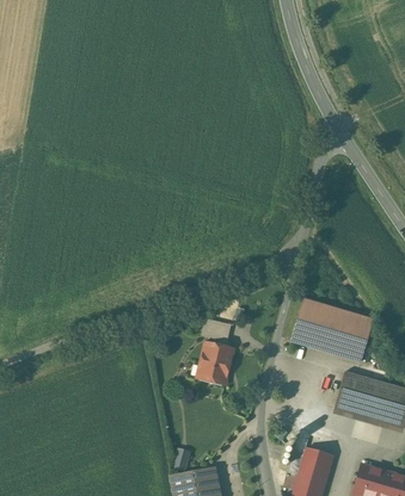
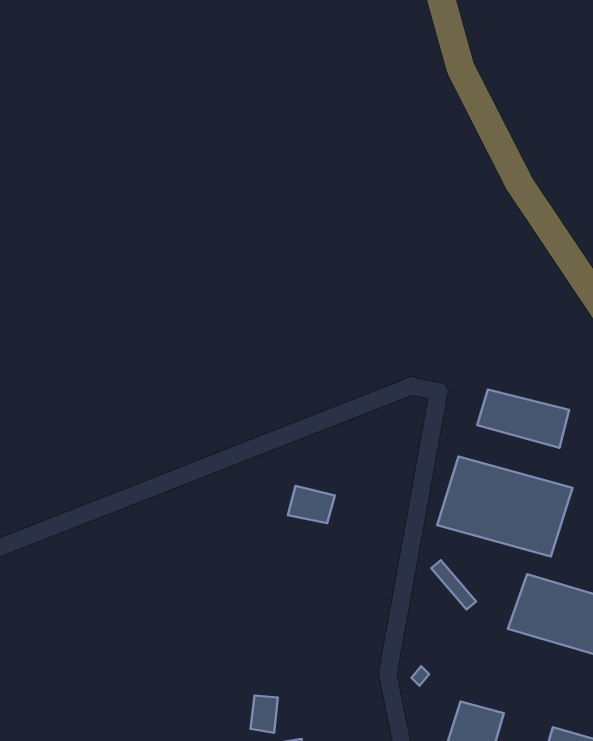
building: none -> [477,389,569,448]
building: [197,342,233,383] -> none

